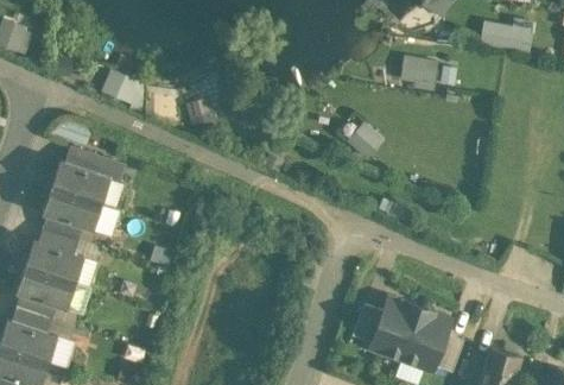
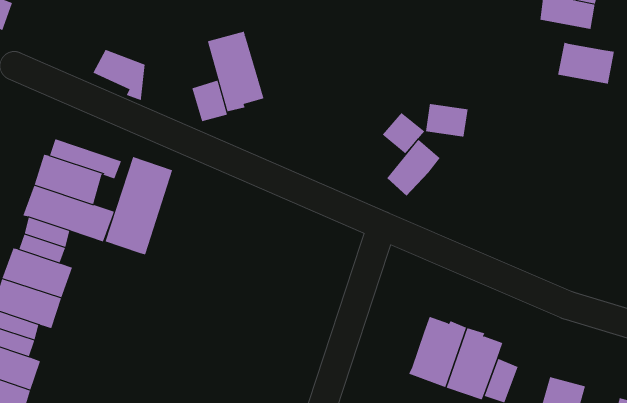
building: none -> [207,31,264,112]
building: [403,57,439,86] -> [425,104,468,137]
building: none -> [558,42,615,85]
building: none -> [386,139,441,197]
building: none -> [105,156,173,255]
building: [353,303,384,341] -> none

